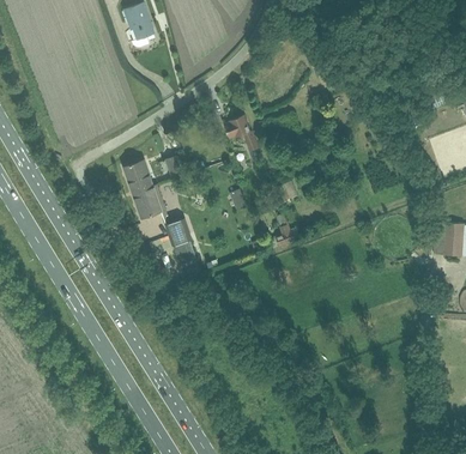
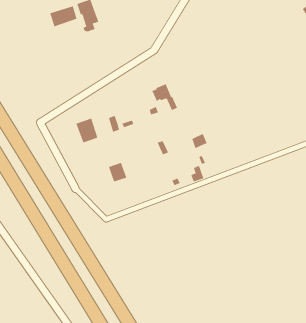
building: none -> [49,6,77,27]
building: [132,184,165,218] -> none

